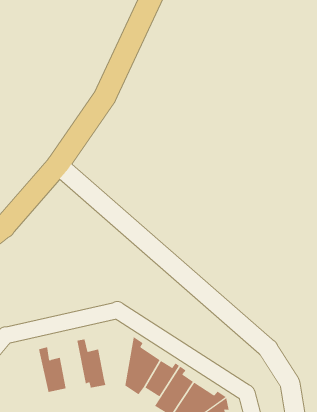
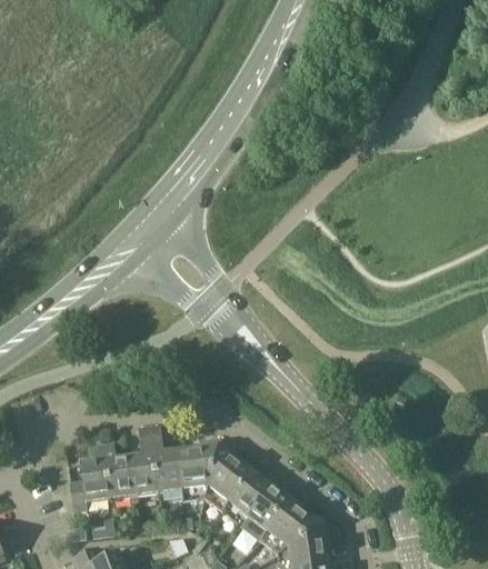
building: none -> [177,438,220,500]
building: none -> [129,438,157,496]
building: none -> [70,445,110,510]

